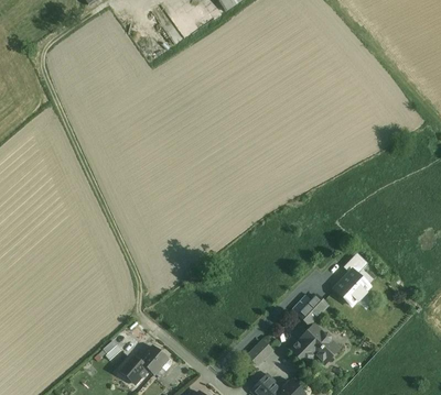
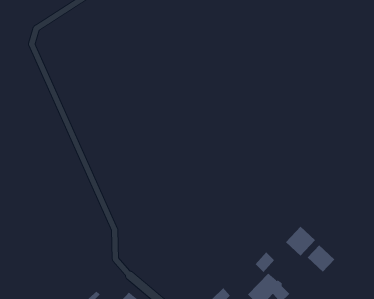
building: none -> [307,244,335,273]

